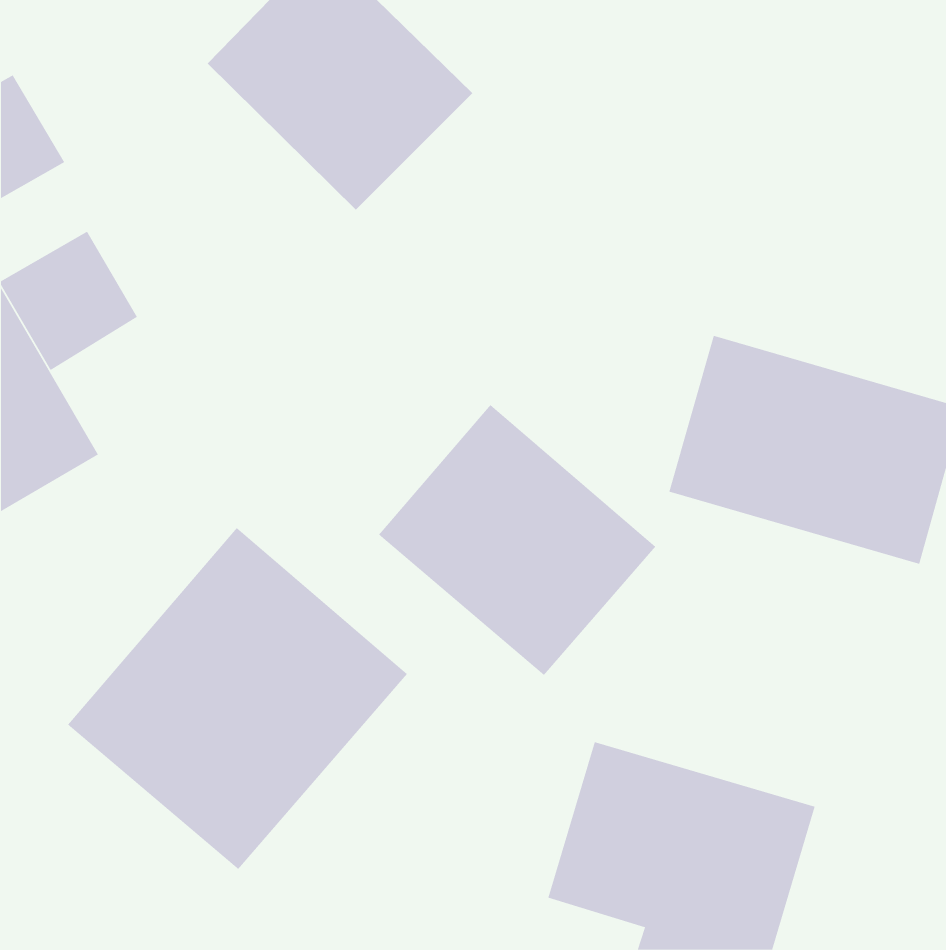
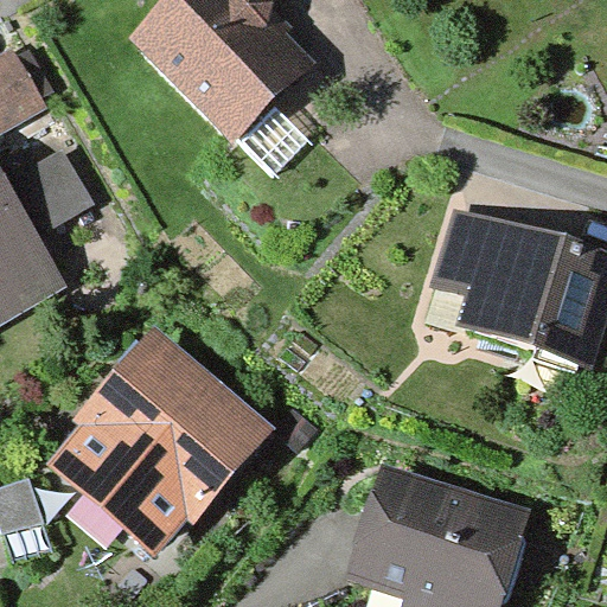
building: [378,404,656,676] -> none

